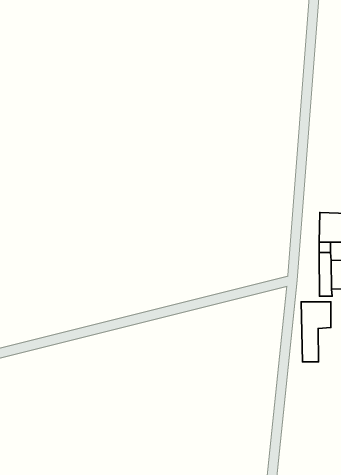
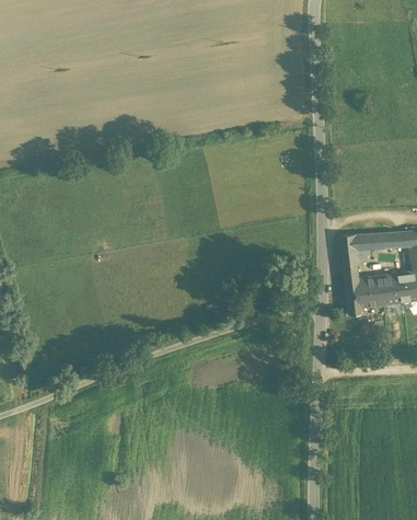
building: [301,302,331,362] -> none

